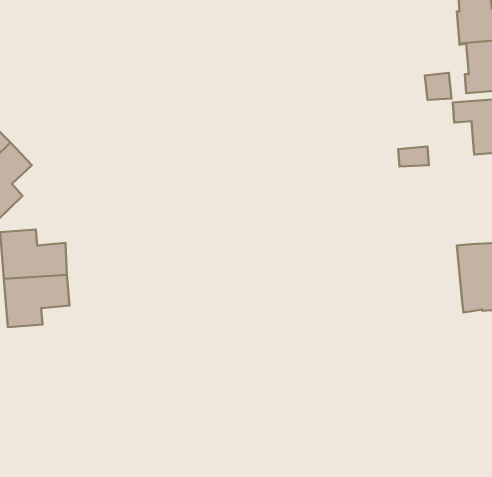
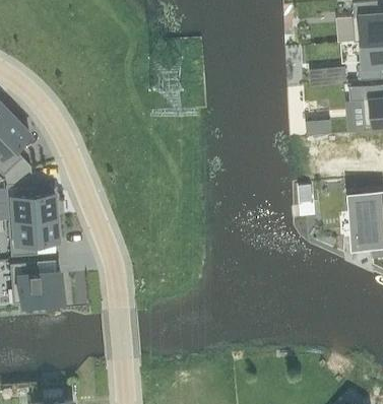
building: none -> [10,262,63,308]

